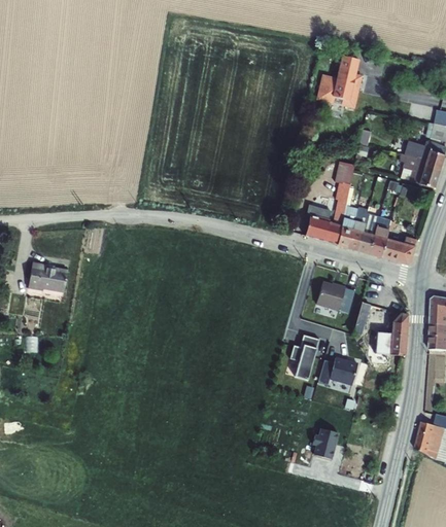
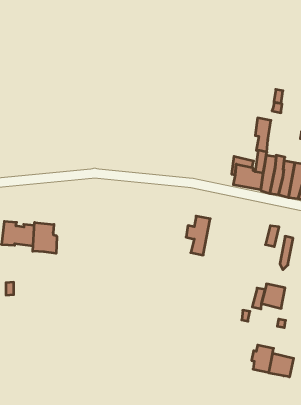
building: [316,54,363,107] -> none
building: none -> [33,222,57,253]
building: [316,279,346,310] -> none
building: [289,333,319,380] -> [186,216,210,255]
building: none -> [269,353,294,377]

